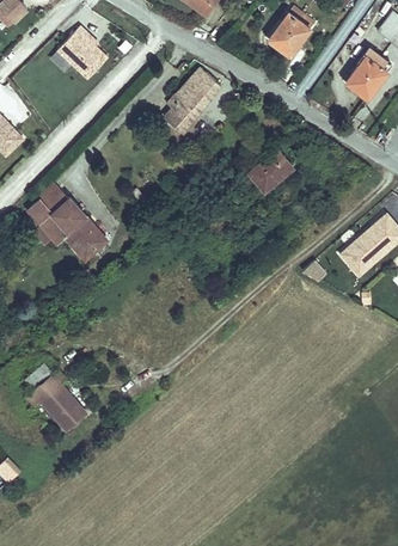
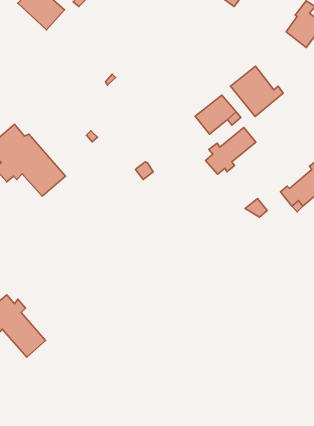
building: [164,67,220,133] -> none
building: none -> [230,66,283,116]
building: none -> [205,128,256,174]

